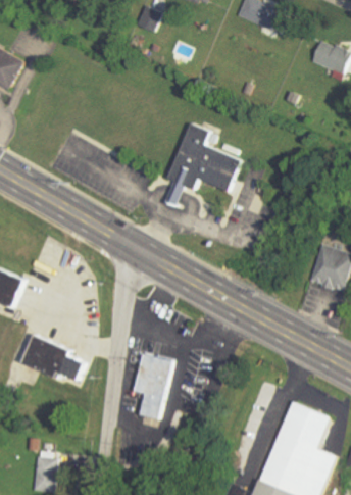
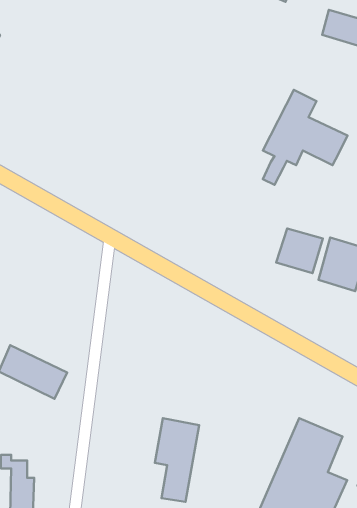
building: [163,122,239,207] -> [263,90,347,185]
building: none -> [276,228,323,273]
building: [132,355,171,430] -> [155,418,199,502]

